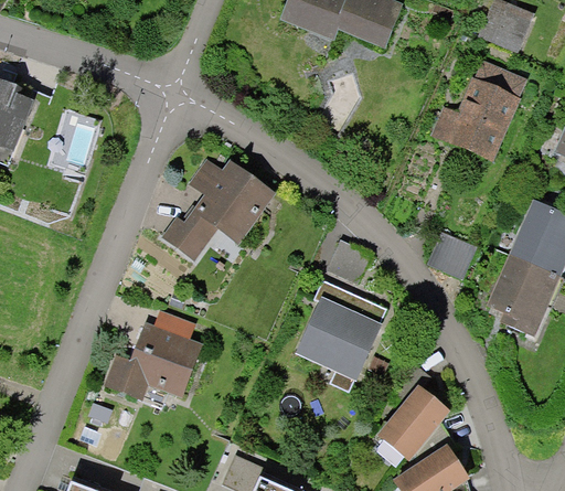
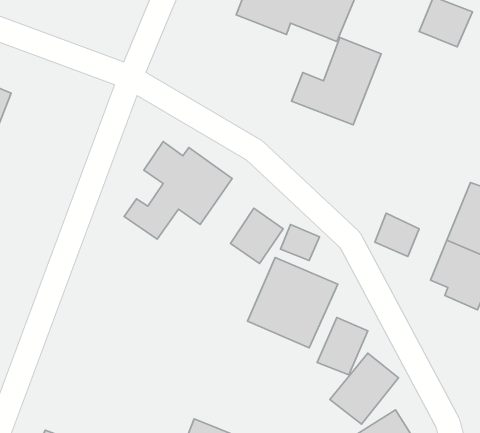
building: [425,68,521,162] -> [292,38,381,125]
building: none -> [231,208,283,264]
building: [103,312,202,395] -> none
building: none -> [317,318,368,375]

